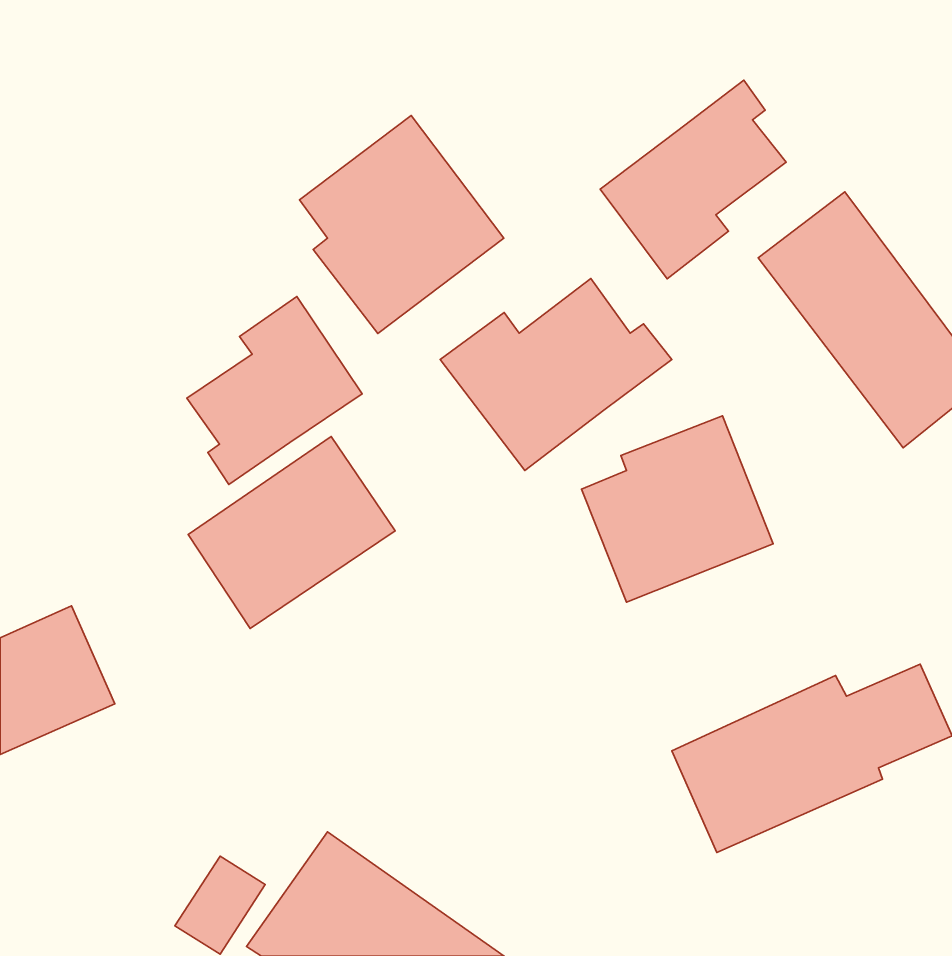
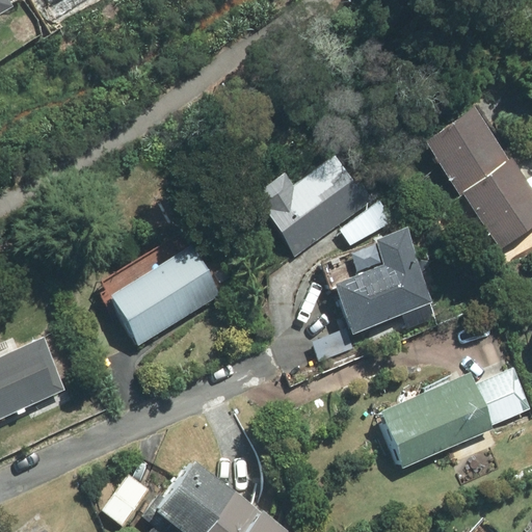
building: [600,80,786,279] -> none
building: [300,116,504,334] -> none
building: [187,297,362,485] -> none

